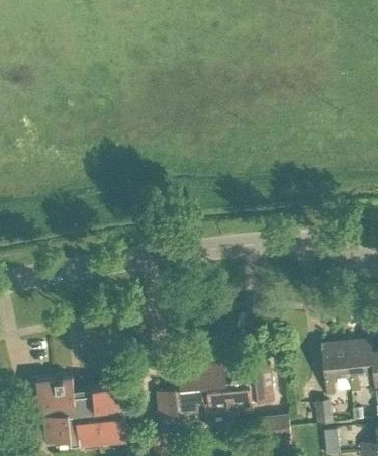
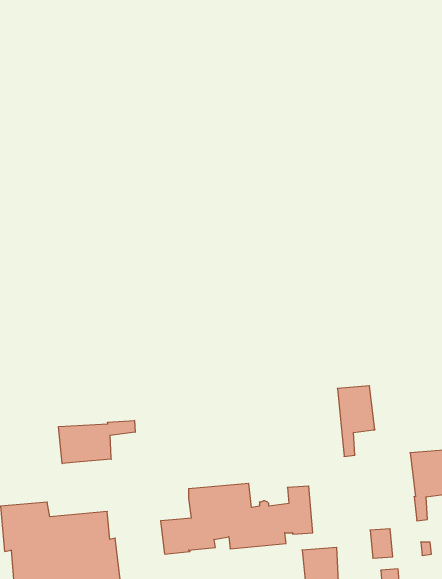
building: none -> [59,420,135,464]
building: [321,344,350,397] -> [337,386,375,456]

